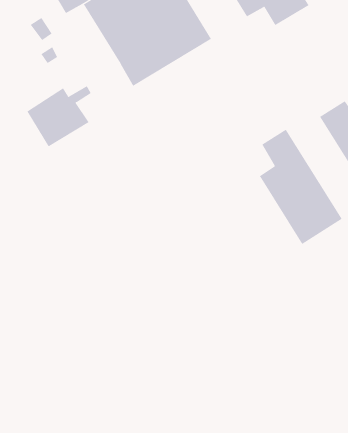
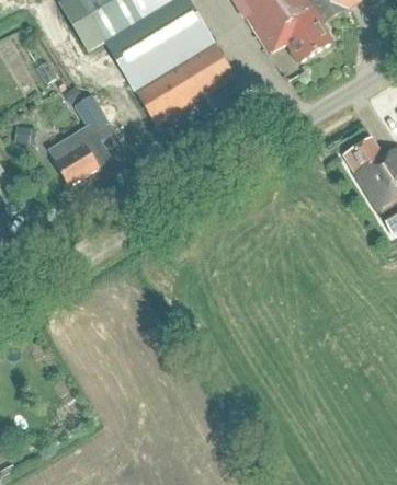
building: none -> [72,94,109,134]
building: [259,129,342,245] -> none

